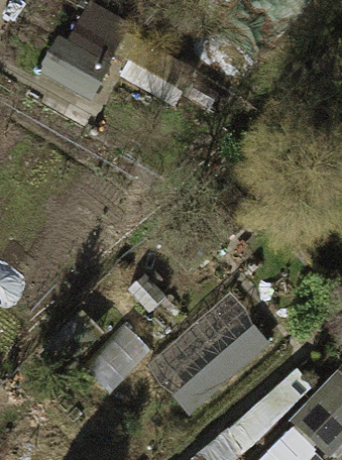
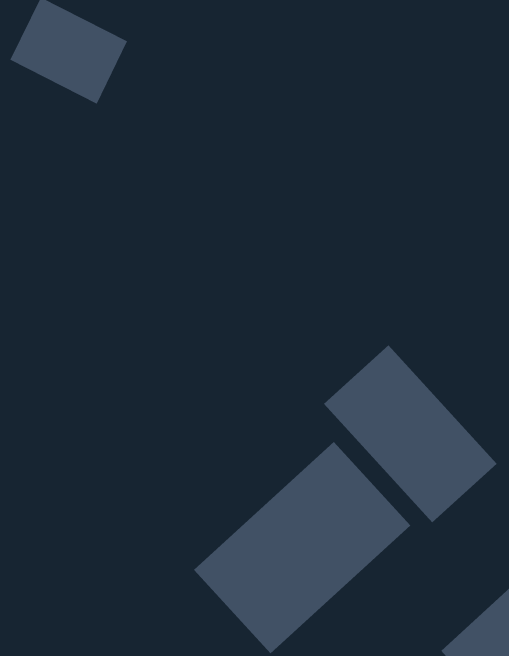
building: none -> [323,345,497,523]

